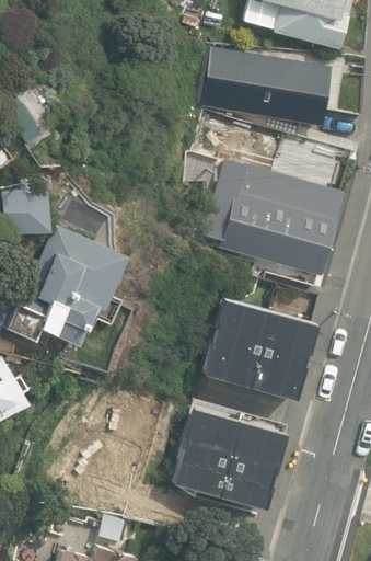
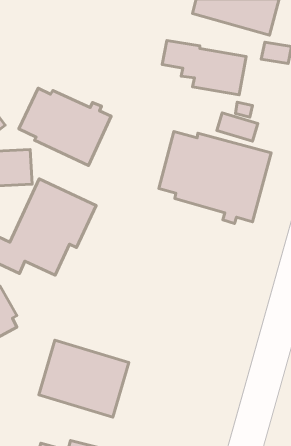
building: none -> [19,88,111,165]
building: [202,297,316,399] -> none
building: [171,413,281,507] -> [39,340,129,417]

